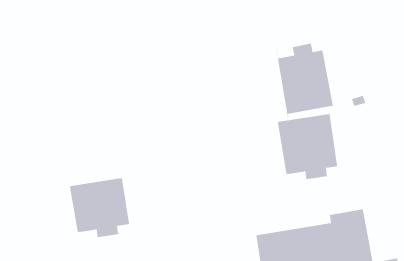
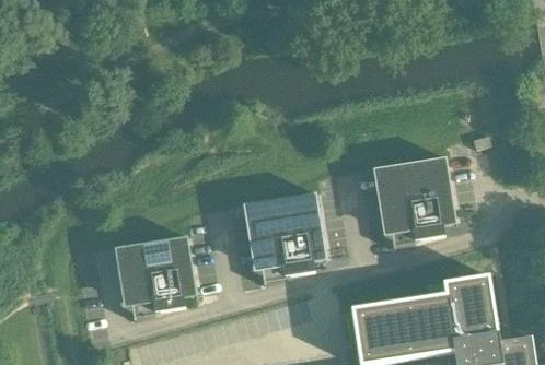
building: [275,42,334,118] -> none
building: none -> [248,193,325,285]

